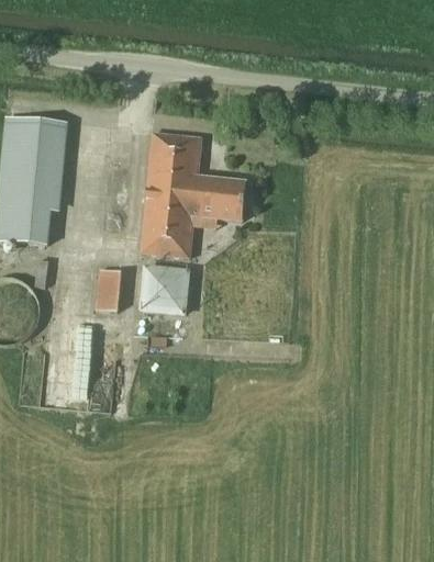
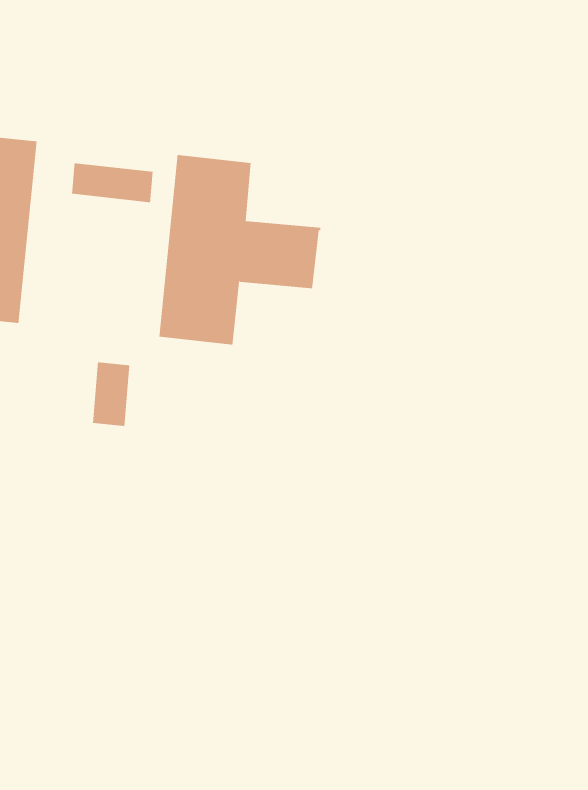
building: none -> [71,163,153,203]
building: [140,263,192,315] -> none

